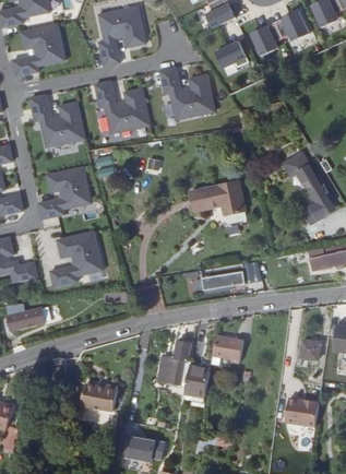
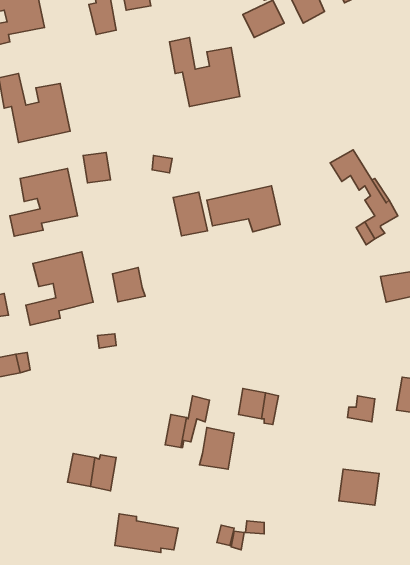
building: [94,81,148,133] -> none
building: none -> [173,192,207,236]
building: none -> [112,267,145,302]
building: [203,264,244,288] -> none

